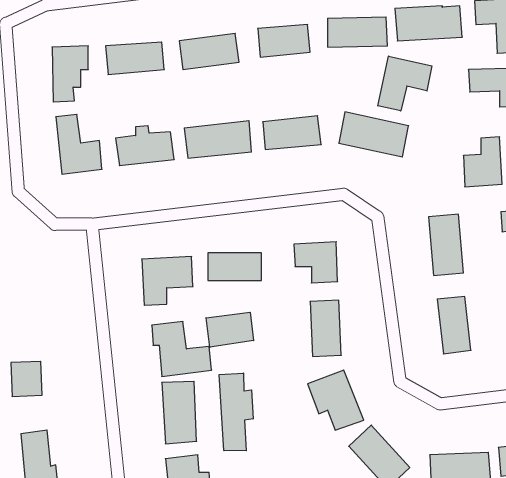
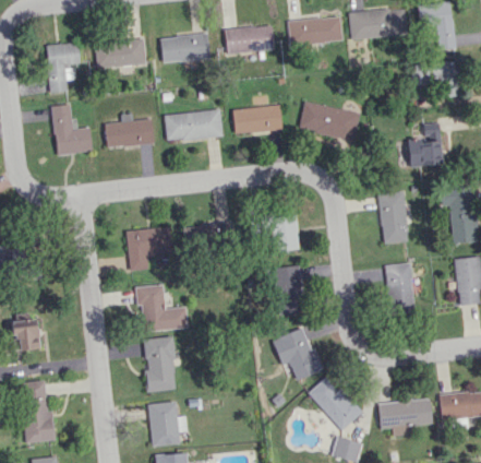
building: [378,56,432,111] -> none
building: [206,312,254,347] -> none
building: [219,373,253,451] -> none

